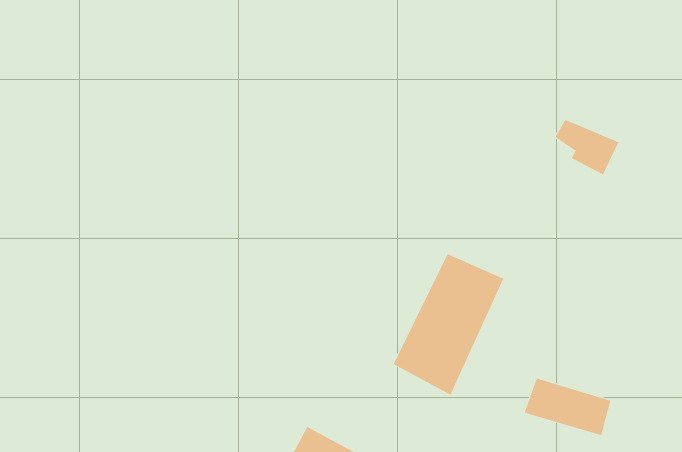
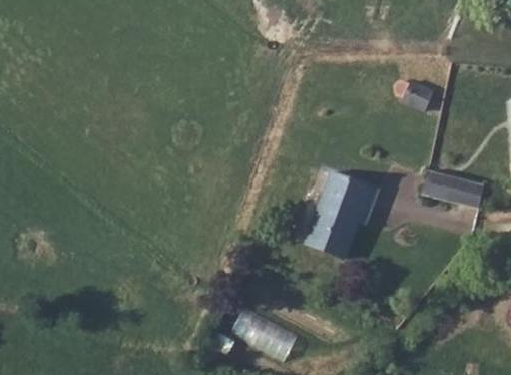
building: [524,378,611,436] -> [421,170,475,202]

